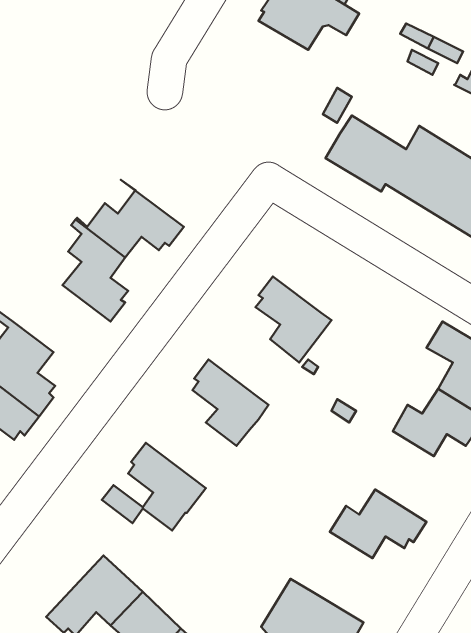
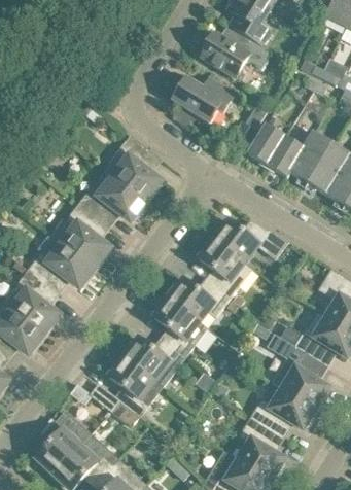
building: none -> [171,76,235,122]
building: none -> [103,136,159,202]
building: none -> [210,219,287,262]
building: none -> [27,243,96,290]
building: none -> [165,278,229,321]
building: none -> [273,337,327,410]
building: none -> [120,338,184,386]
building: none -> [35,410,91,477]
building: none -> [238,417,283,481]

